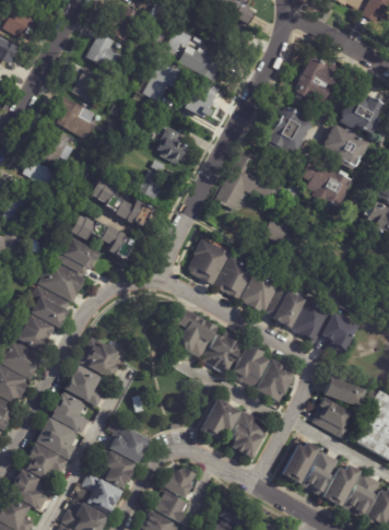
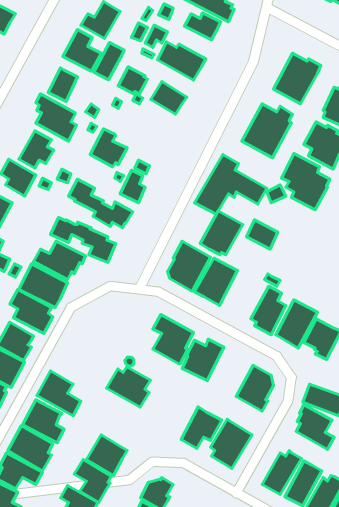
building: none -> [94,42,124,80]
building: [160,127,196,164] -> [90,129,127,167]
building: [241,269,283,311] -> [200,211,243,255]
building: [78,342,120,381] -> [106,367,150,407]
building: [232,344,267,388] -> none

